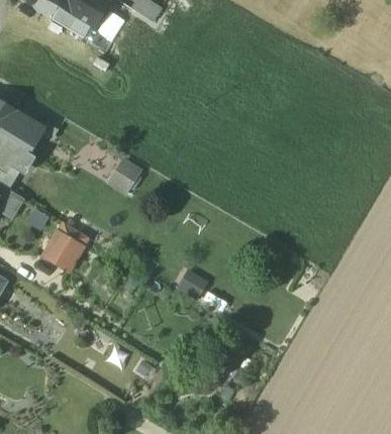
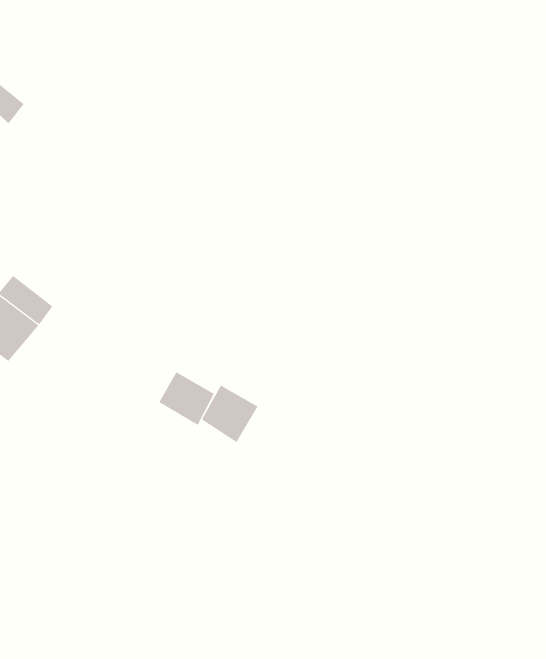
building: [105,154,142,193] -> none
building: none -> [159,371,215,426]

